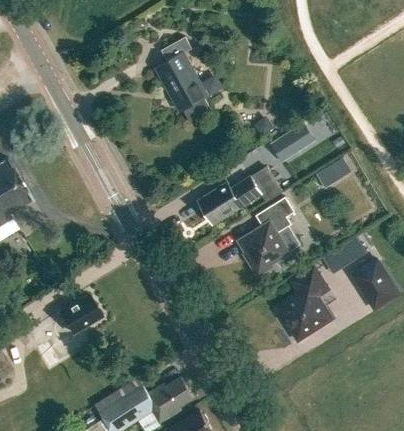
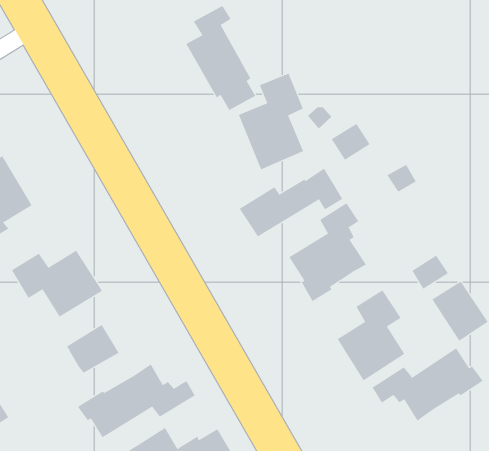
building: none -> [238,73,304,170]
building: none -> [11,250,103,318]
building: none -> [372,348,484,422]
building: none -> [77,364,195,438]

